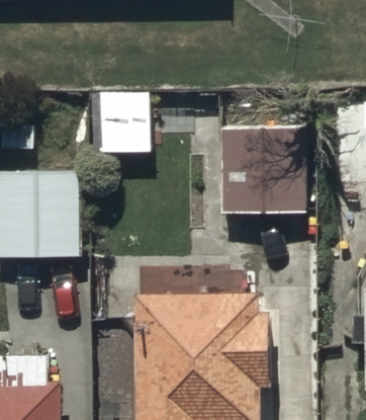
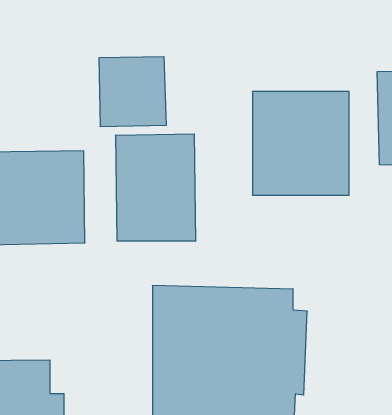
building: none -> [116,134,196,241]

